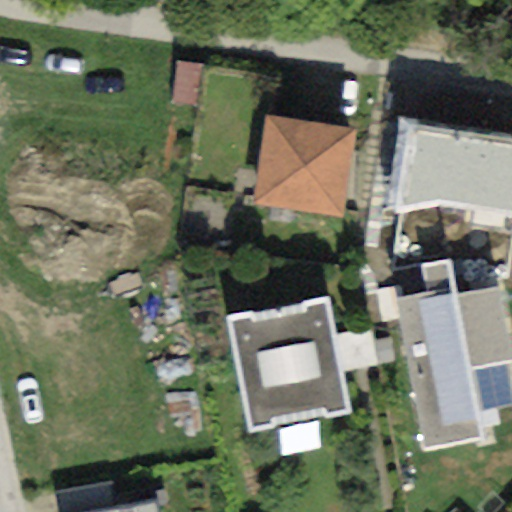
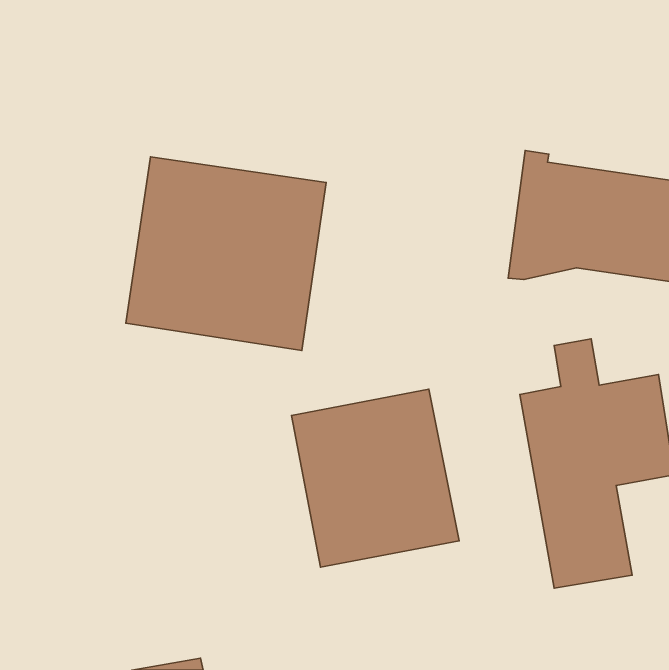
building: [254,114,356,216] -> none
building: none -> [126,157,326,350]

